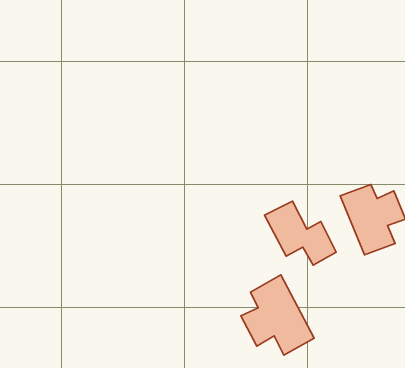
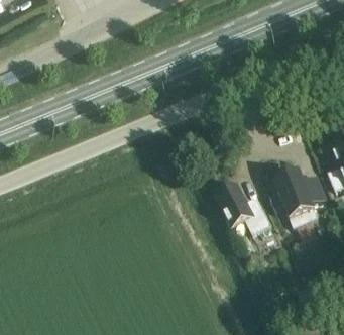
building: [241,275,314,355] -> none

